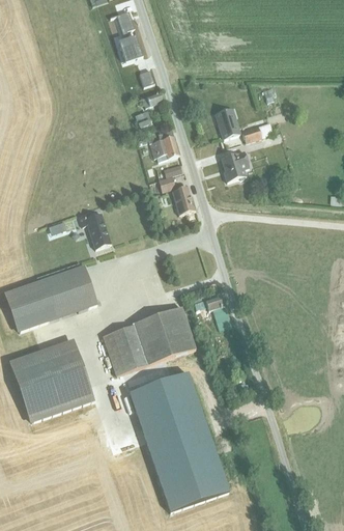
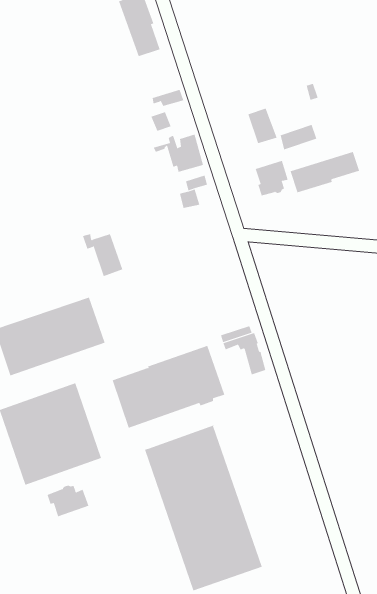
building: none -> [290,151,360,193]
building: [172,186,196,214] -> none
building: none -> [47,485,89,517]

